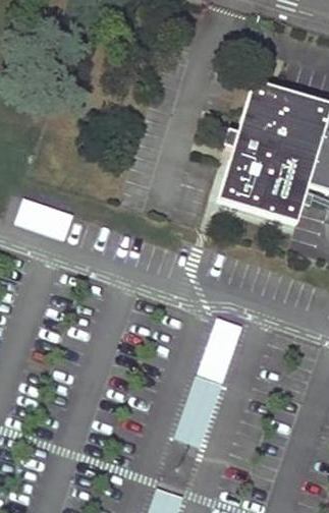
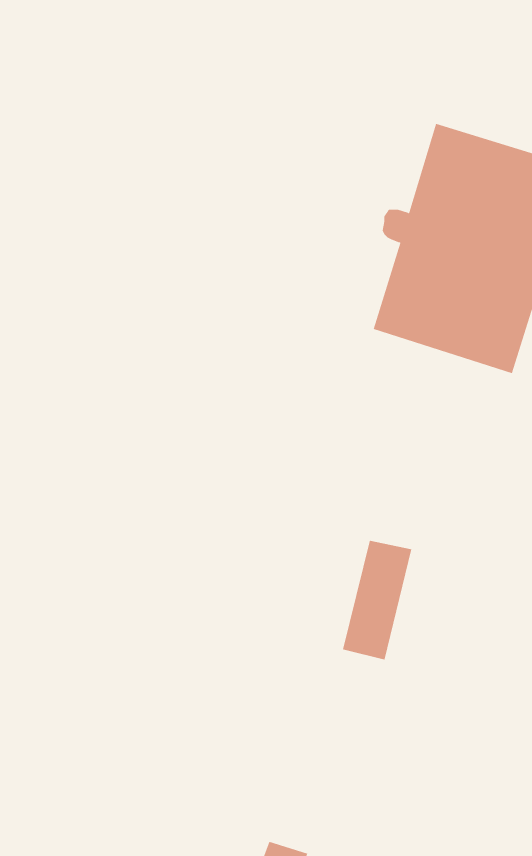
building: [178,377,219,447] -> none

